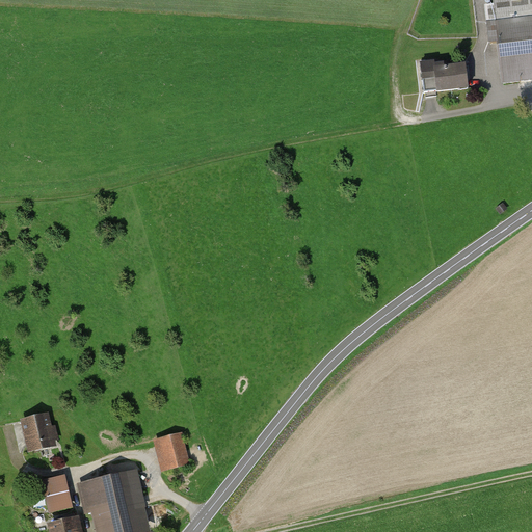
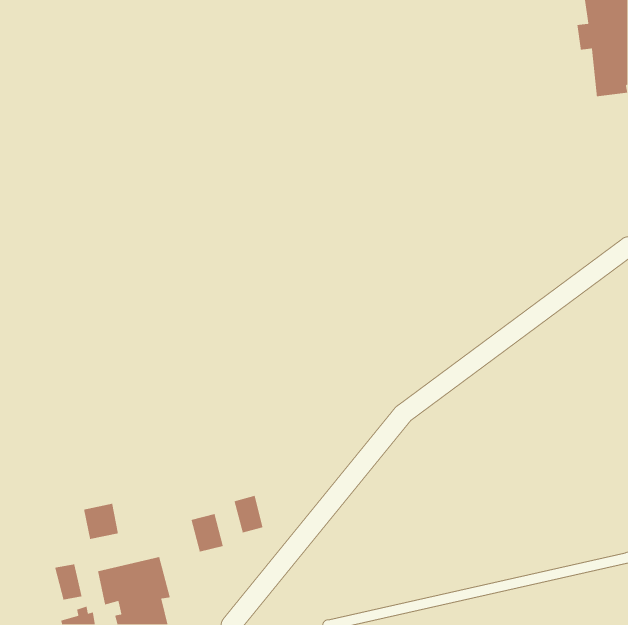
building: [421,60,469,91] -> none
building: [26,417,56,448] -> [83,503,119,540]
building: none -> [234,495,264,534]

